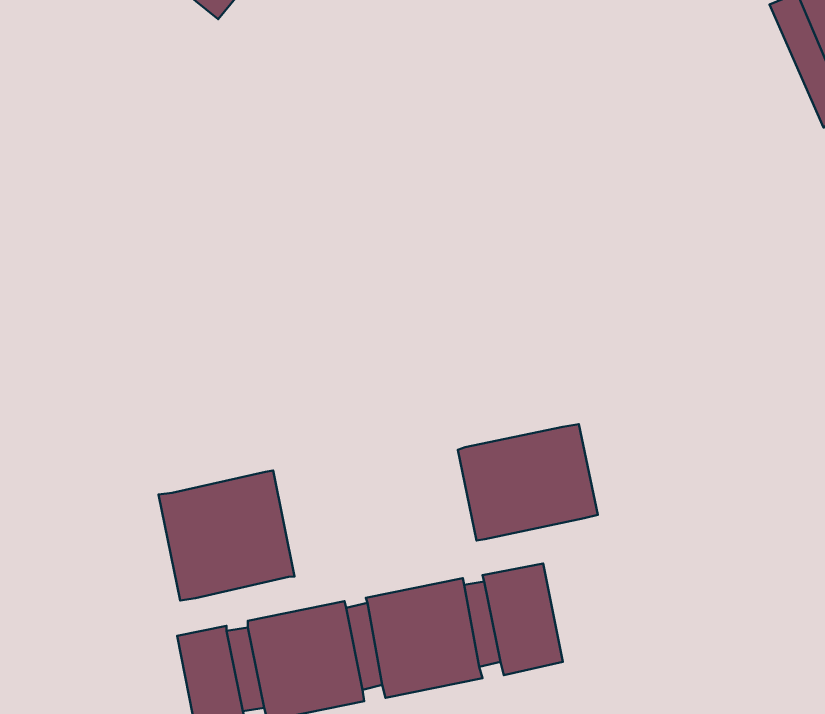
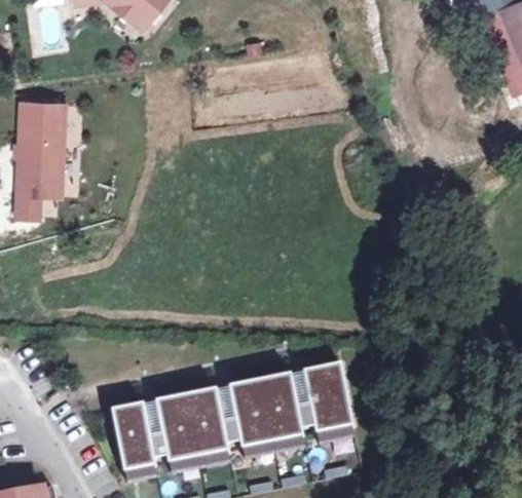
building: none -> [16,104,62,217]
building: [458,424,598,541] -> none
building: [159,471,295,600] -> none

